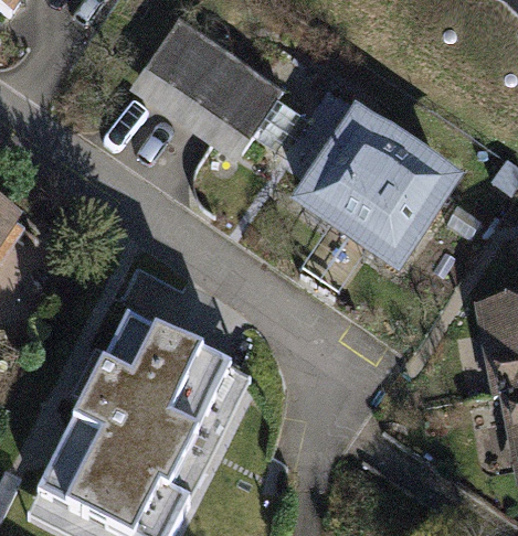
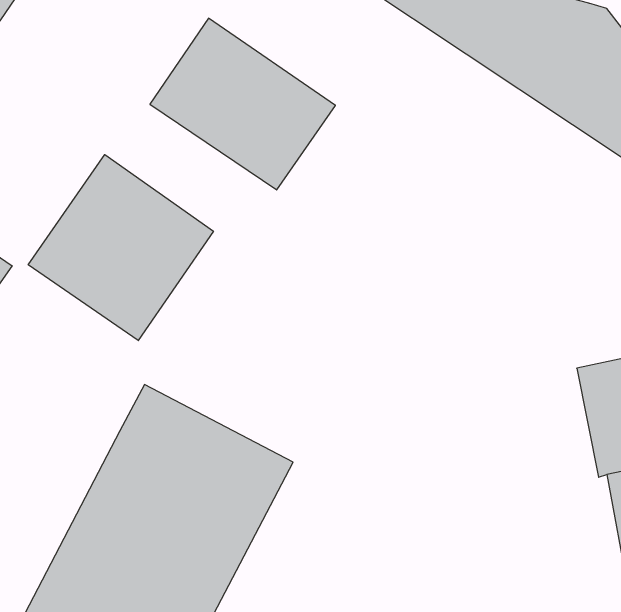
building: [292,101,463,268] -> none
building: none -> [28,155,213,341]

